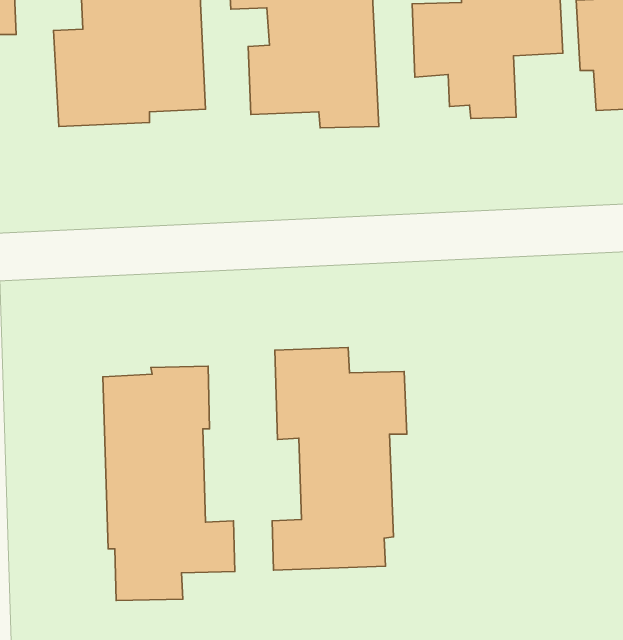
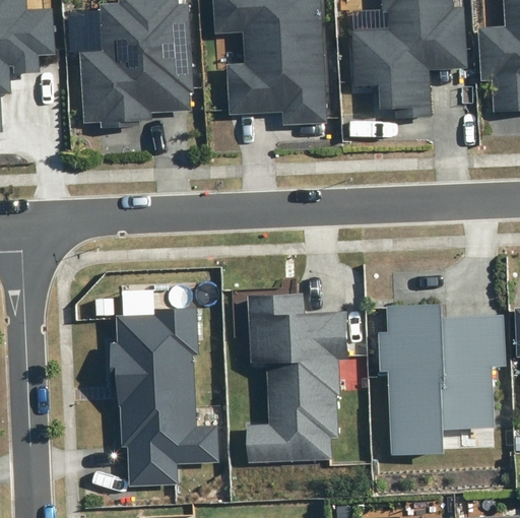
building: none -> [378,303,506,454]

